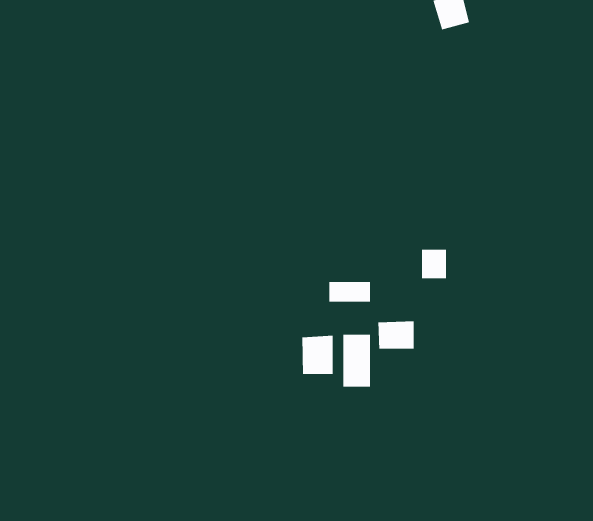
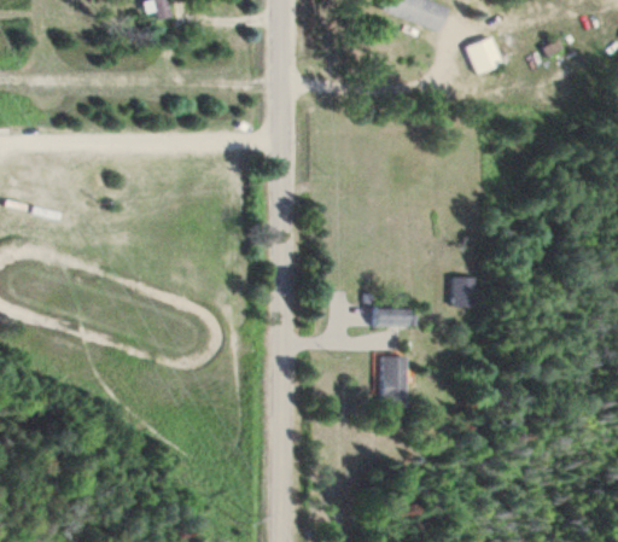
building: [378,320,414,349] -> none
building: [302,335,333,375] -> none

